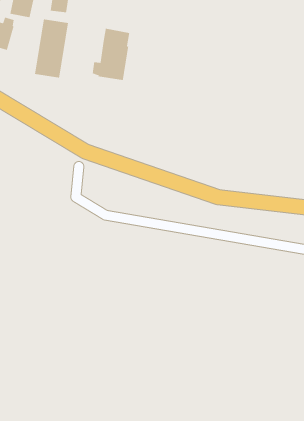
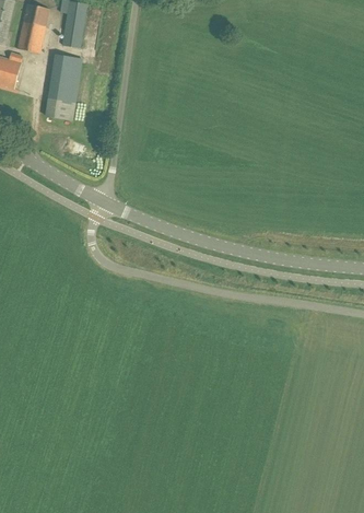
building: [92,28,130,81] -> none

